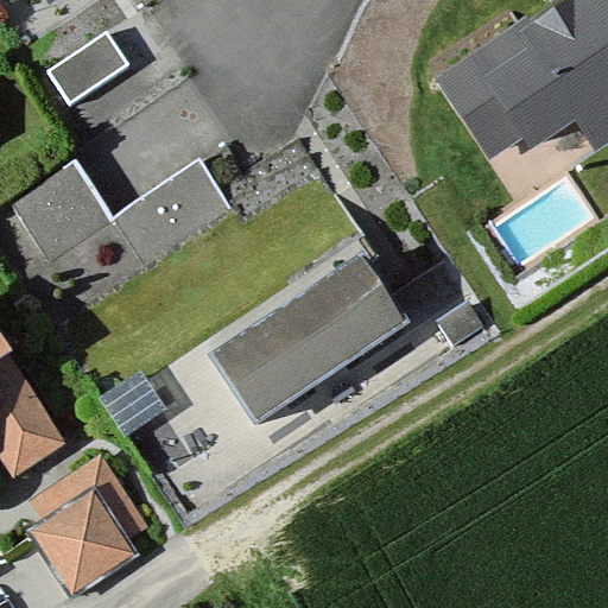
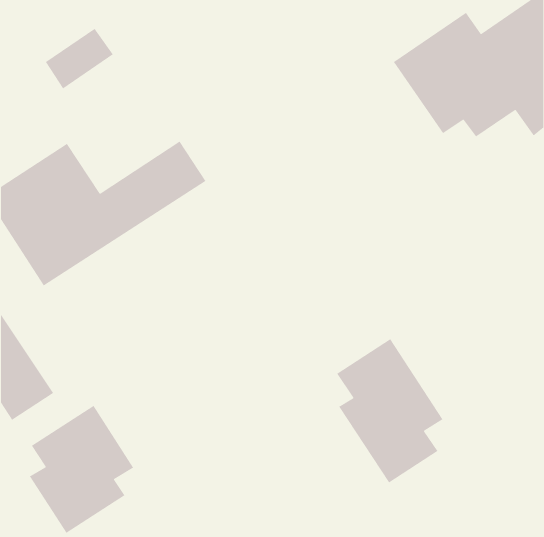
building: [211,262,401,423] -> none
building: none -> [336,338,443,484]

